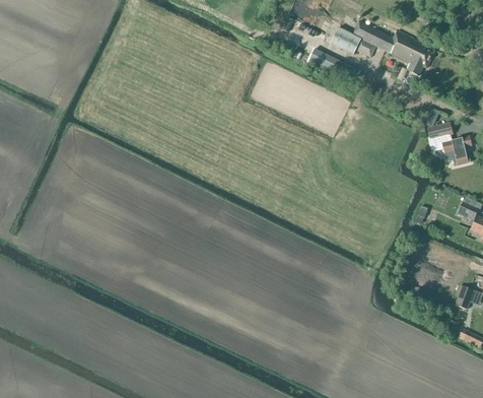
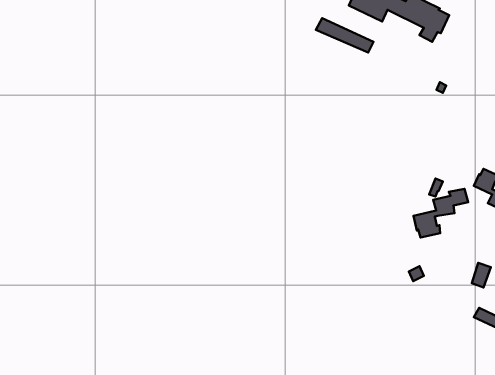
building: [426,123,471,167] -> none
building: none -> [413,189,468,238]

